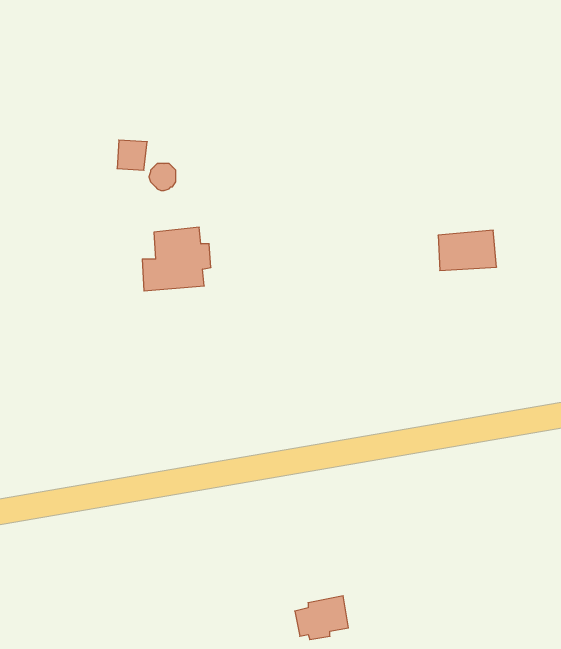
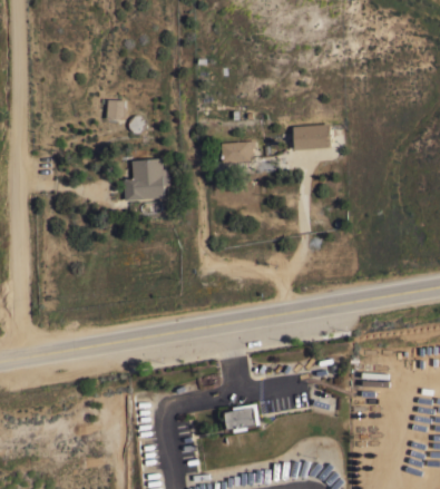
building: none -> [221,141,255,164]
building: [438,230,497,270] -> [293,124,332,150]

